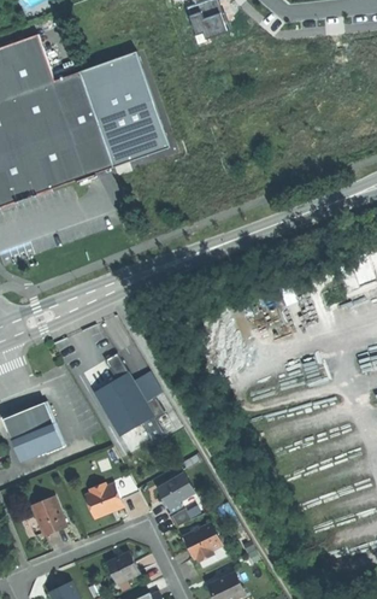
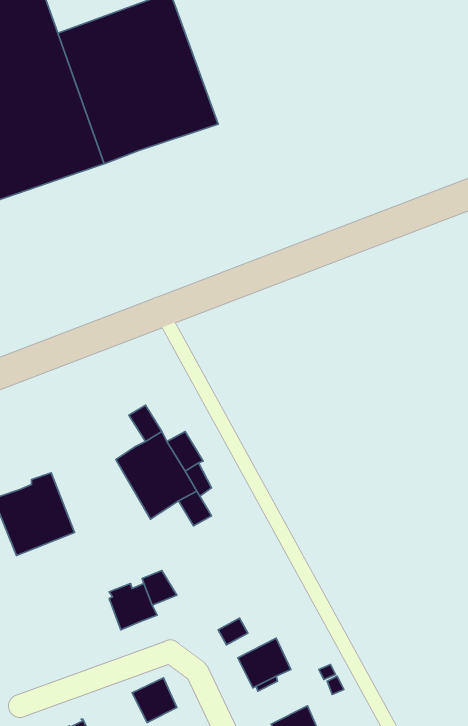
building: [158,472,196,513] -> none
building: [33,495,67,535] -> none

